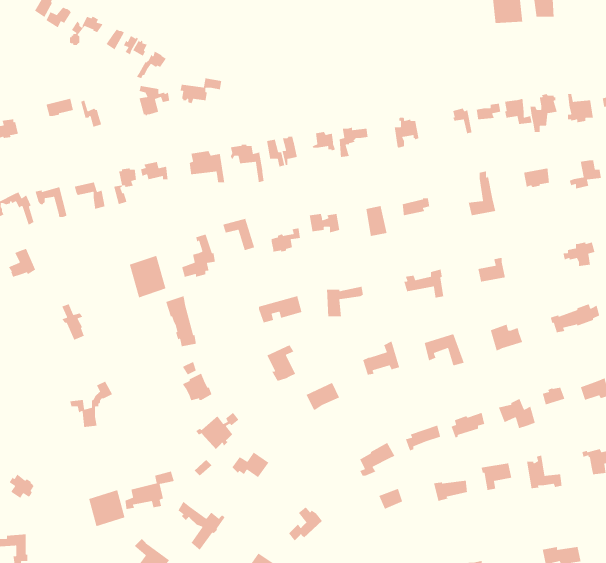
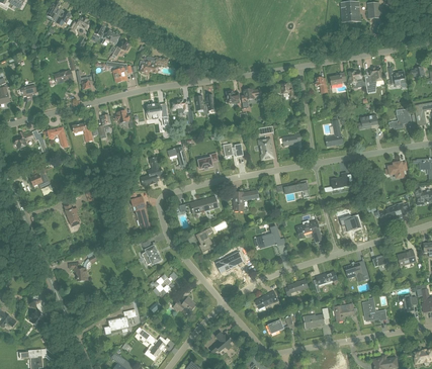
building: [129,255,167,298] -> none
building: [88,489,125,527] -> none

